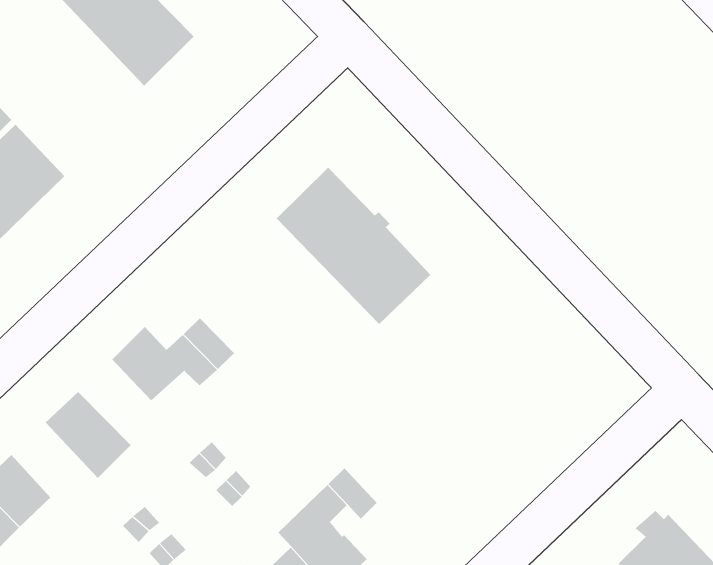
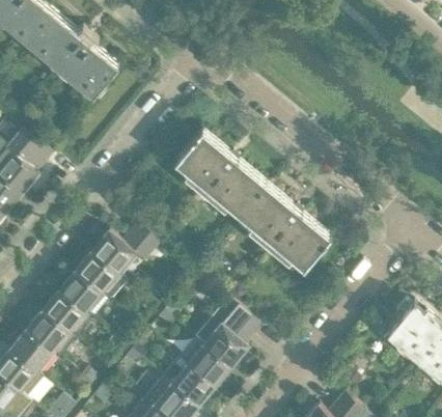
building: none -> [238,187,329,272]
building: none -> [74,254,125,303]
building: none -> [40,294,90,341]

